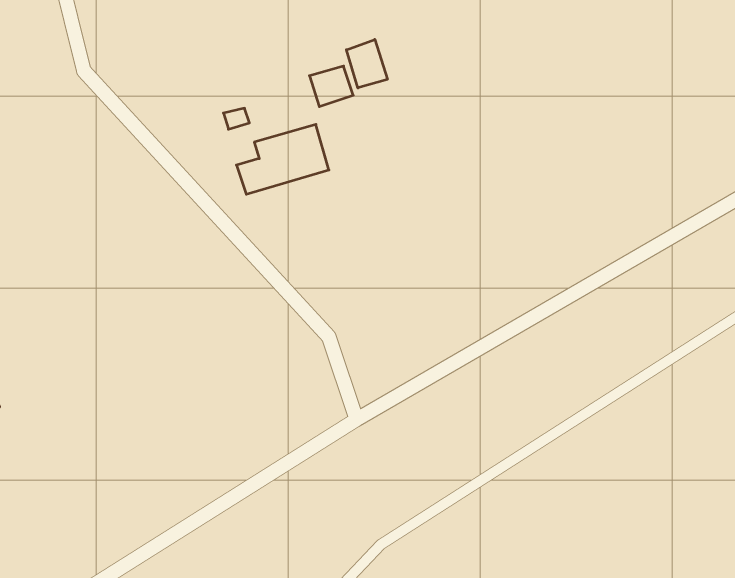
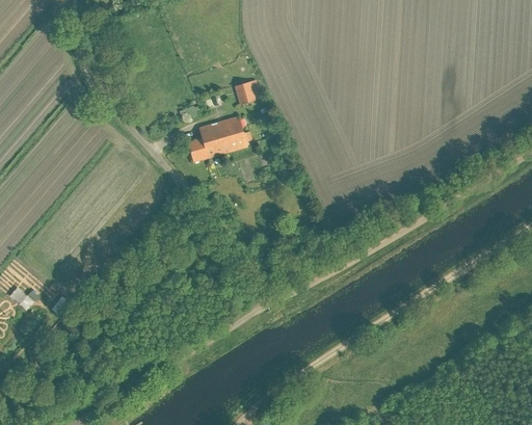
building: [346,39,387,88] -> none

